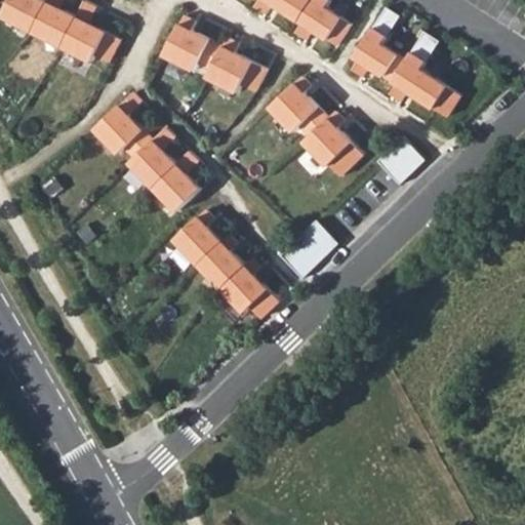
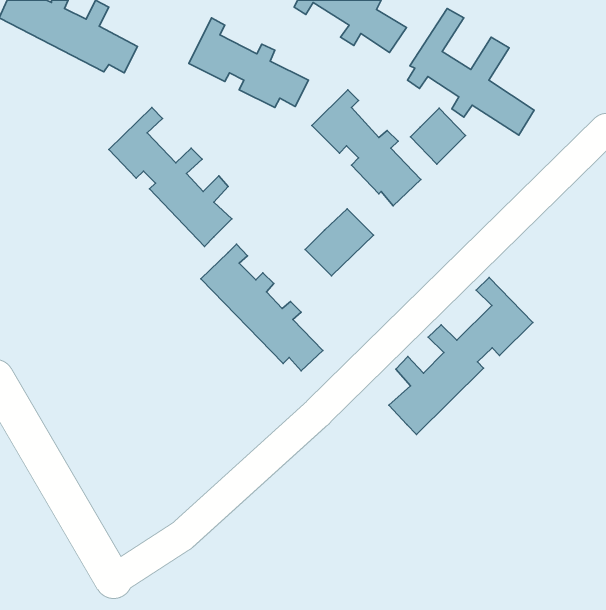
building: [375,137,422,186] -> [410,108,465,164]
building: [278,221,336,279] -> [305,209,373,276]
building: none -> [389,278,533,435]

